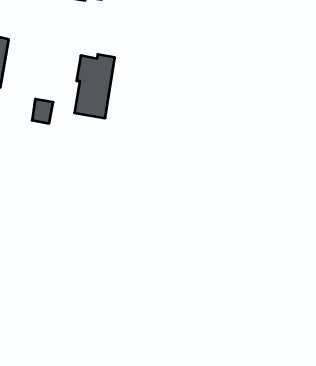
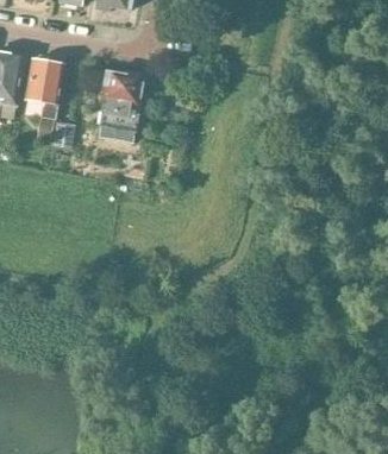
building: none -> [26,55,63,116]

